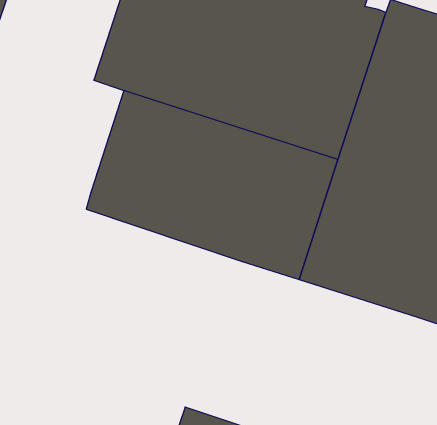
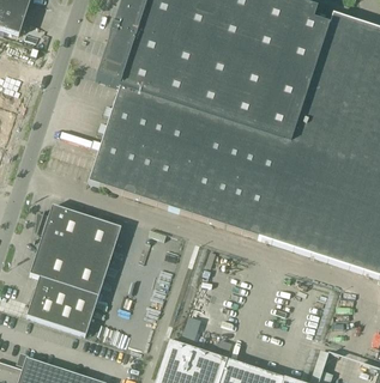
building: none -> [26,203,121,333]

